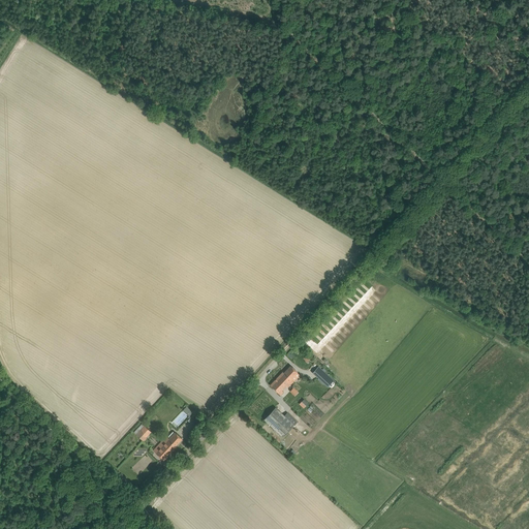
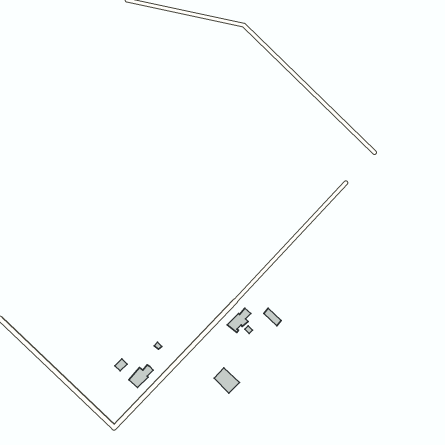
building: [264,407,294,437] -> [214,368,239,393]

